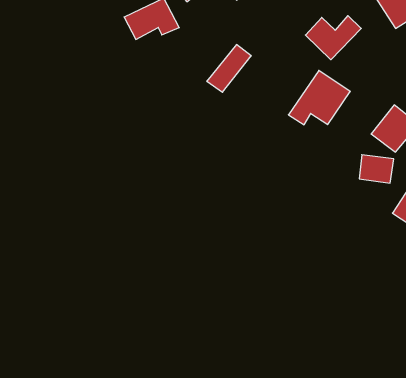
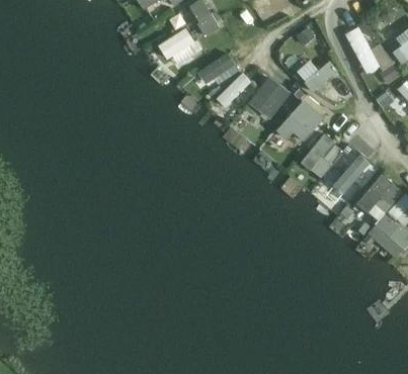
building: none -> [196,53,239,89]
building: none -> [248,77,291,120]
building: none -> [301,134,343,177]

